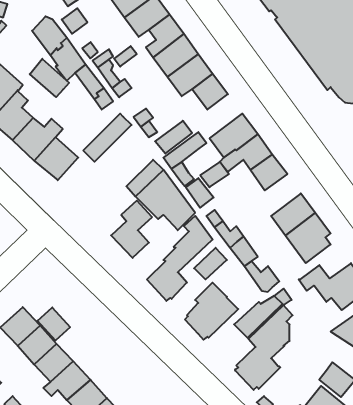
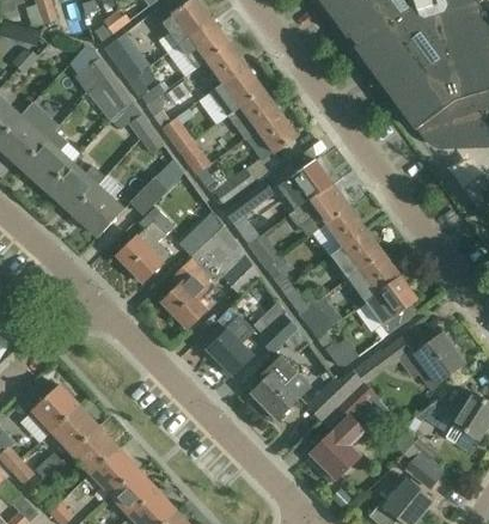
building: [30,59,69,97] -> none
building: none -> [116,207,172,281]
building: none -> [331,229,383,278]
building: [37,307,70,341] -> none

